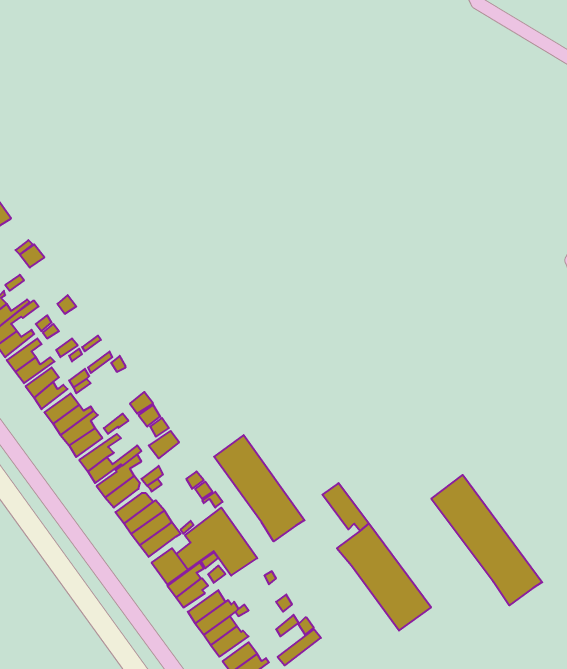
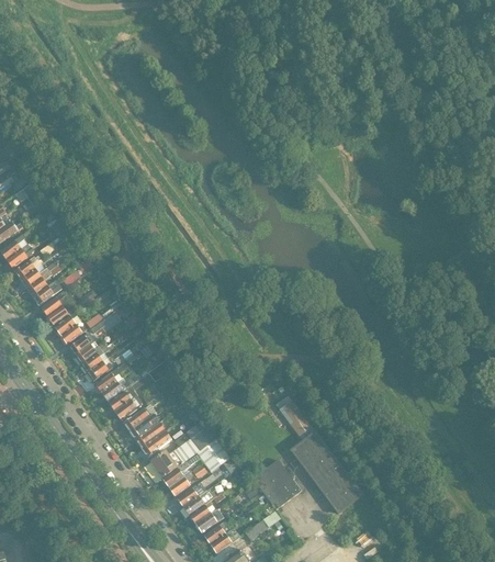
building: [214,435,305,541] -> none
building: [431,475,542,605] -> none
building: none -> [252,459,302,509]

